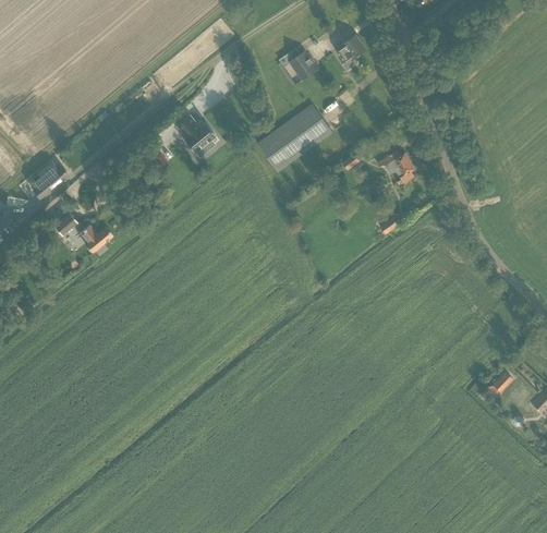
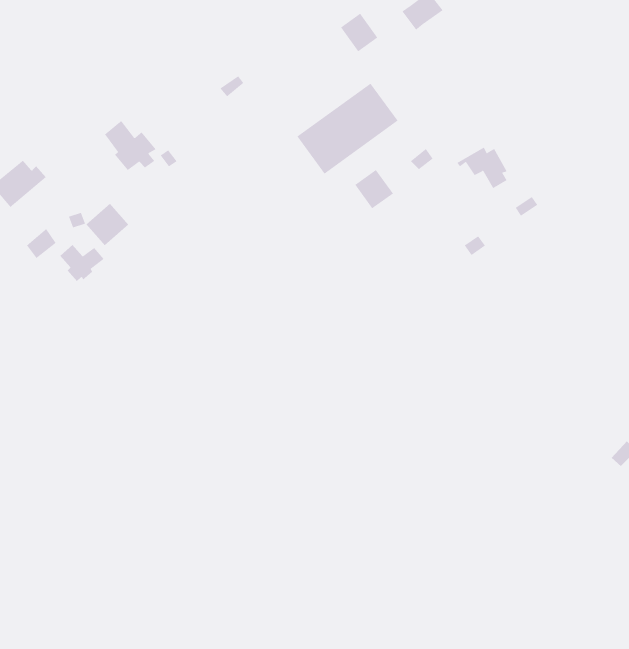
building: [175,113,215,152] -> [104,120,156,171]
building: none -> [354,169,394,209]
building: none -> [86,203,129,246]

